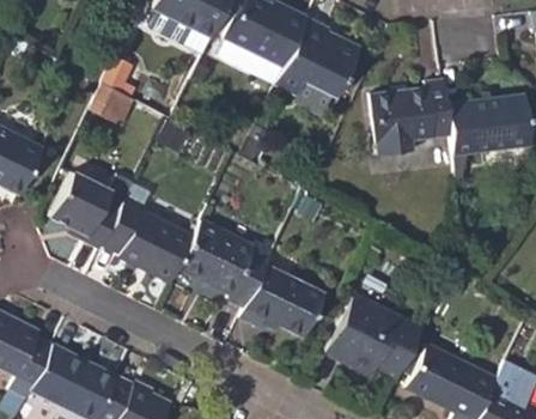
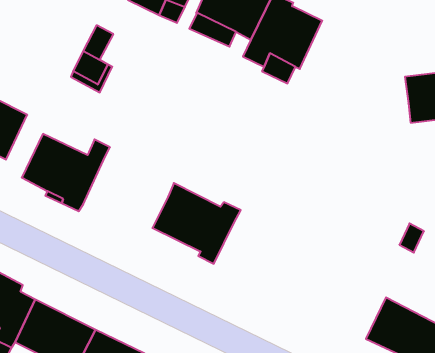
building: [372,83,452,159] -> none
building: [104,196,195,281] -> none
building: [239,262,324,335] -> none
building: [325,293,422,374] -> none

